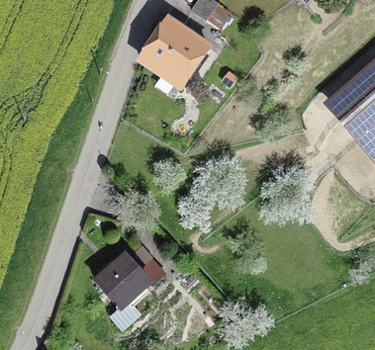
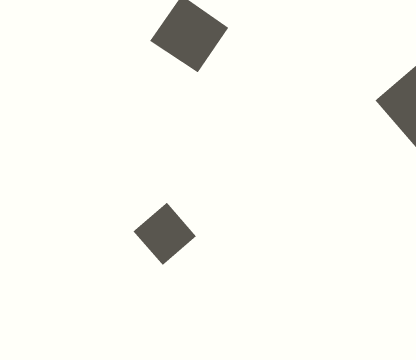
building: [96,254,151,309] -> [133,202,197,266]

